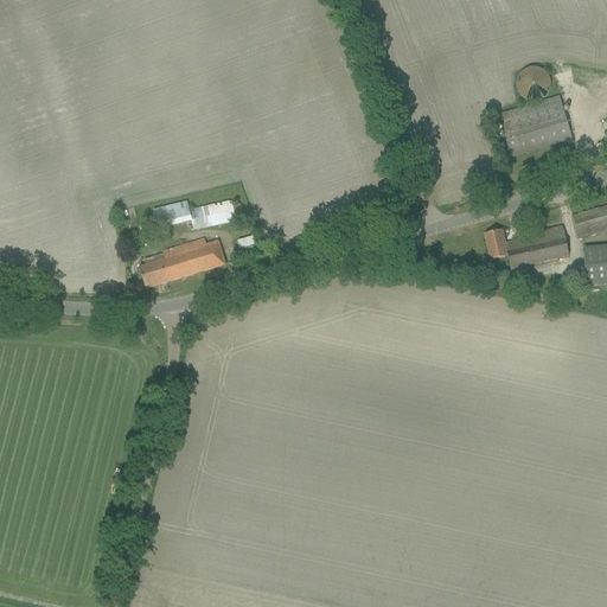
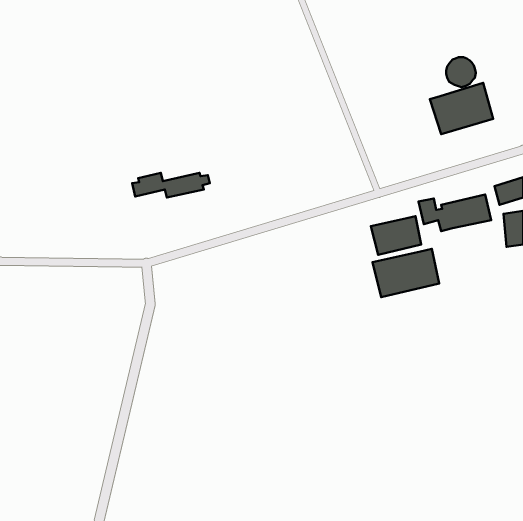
building: [139,238,226,288] -> none
building: none -> [371,216,421,255]
building: none -> [372,249,439,297]

